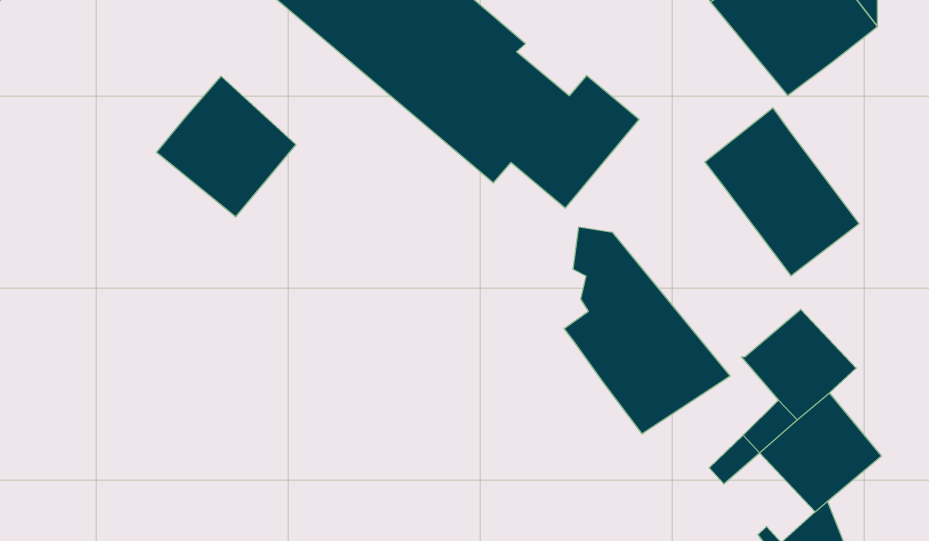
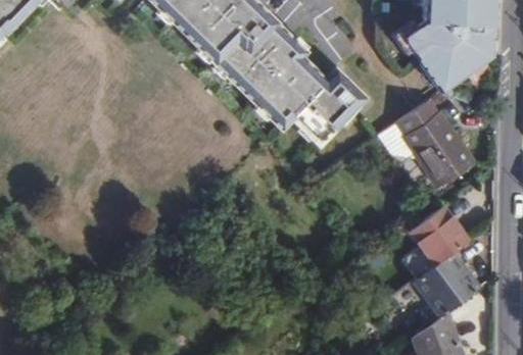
building: [157,76,296,217] -> none
building: [564,227,730,434] -> none

